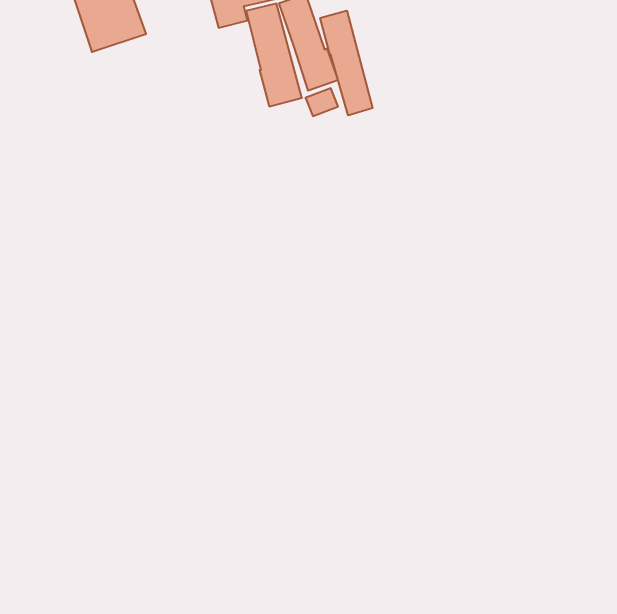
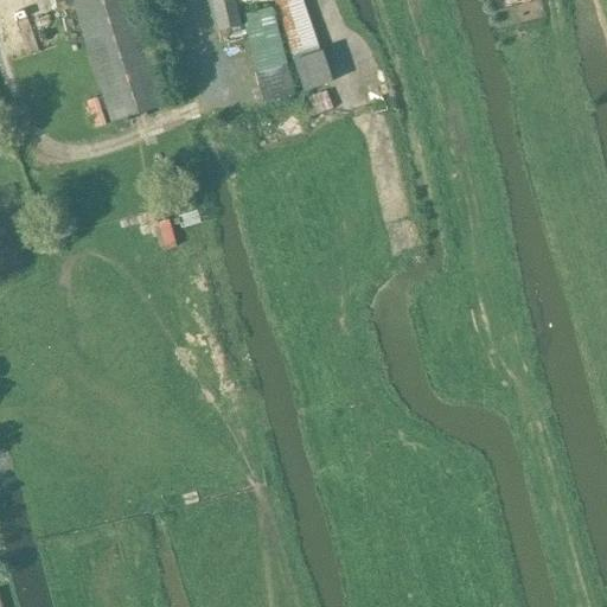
building: [320,11,373,115] -> none
building: none -> [90,33,165,119]

